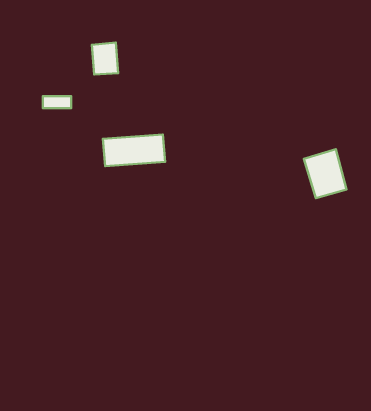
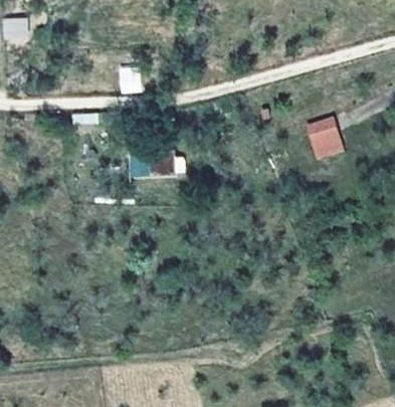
building: [304,149,347,198] -> [306,115,345,160]

